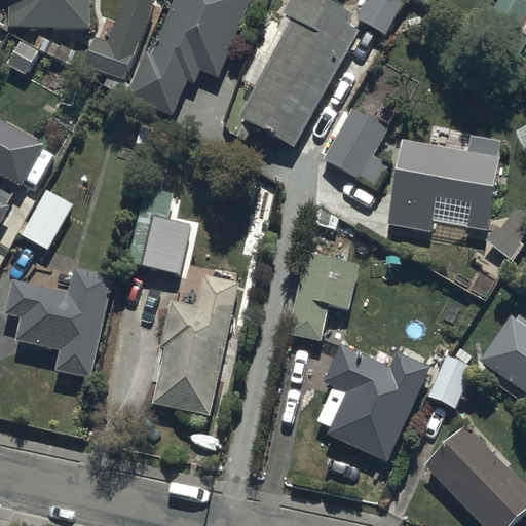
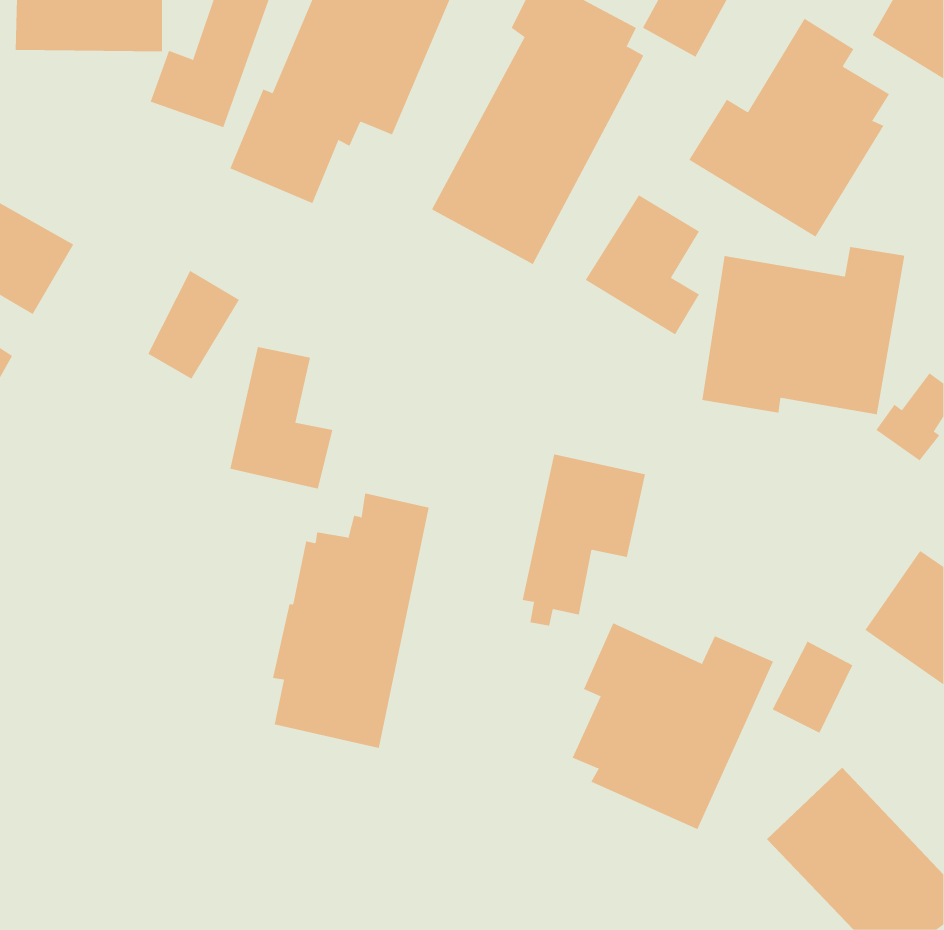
building: none -> [689,18,890,238]
building: [23,188,74,249] -> [147,270,240,380]
building: [5,269,114,380] -> none

